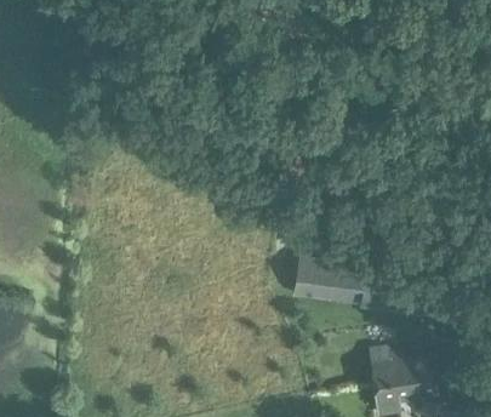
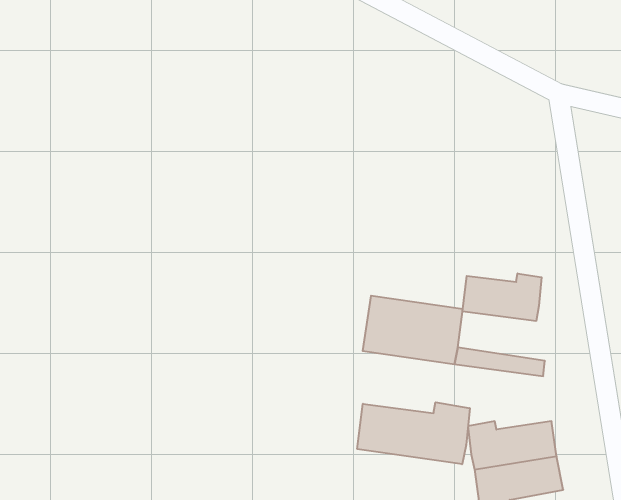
building: none -> [463,273,542,321]
building: none -> [357,402,470,464]

